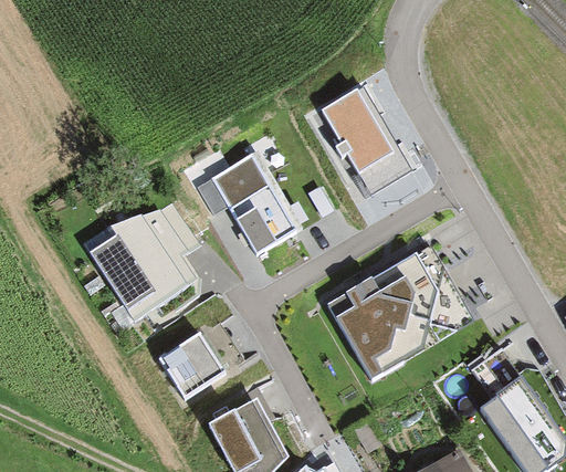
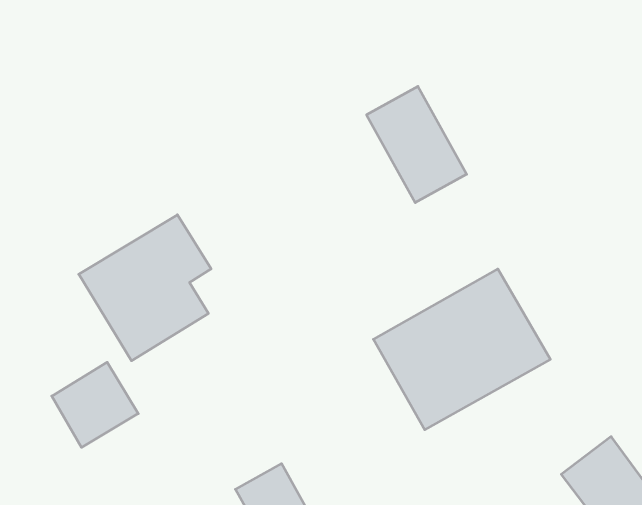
building: [212,157,294,252] -> none
building: [155,331,226,400] -> [52,362,138,447]

